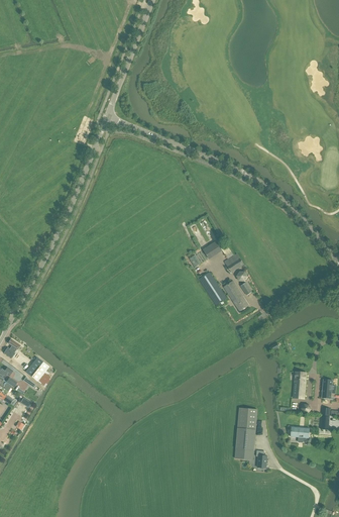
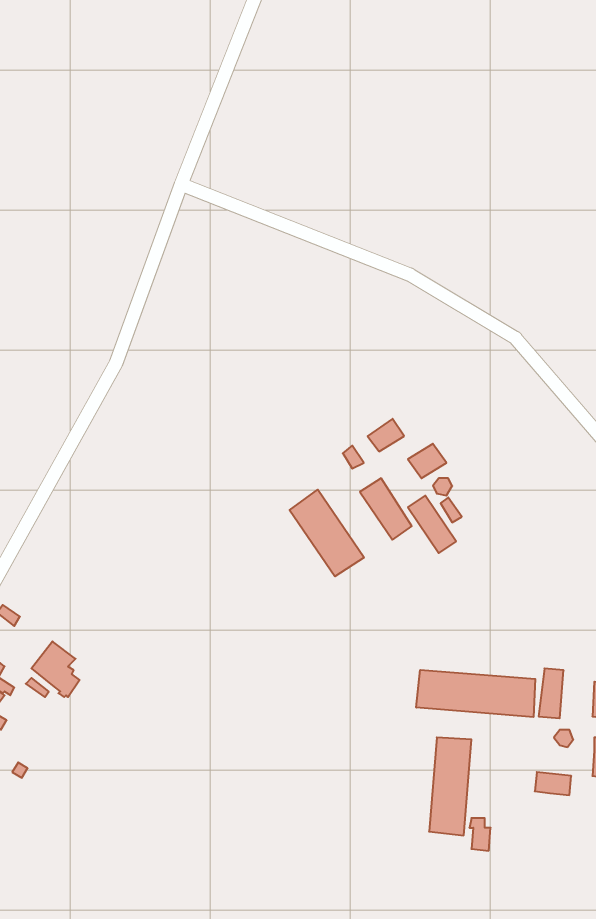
building: none -> [290,490,364,576]
building: none -> [416,670,535,717]

